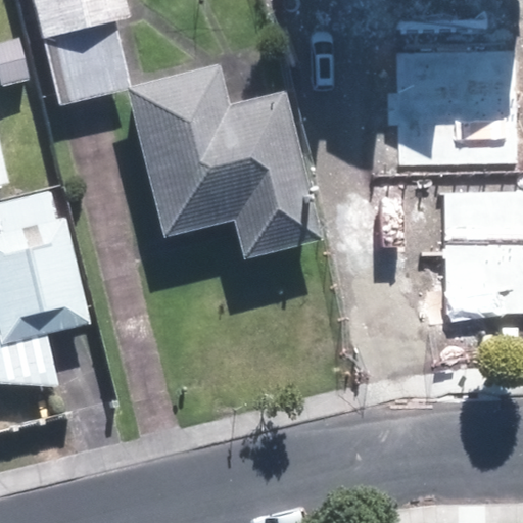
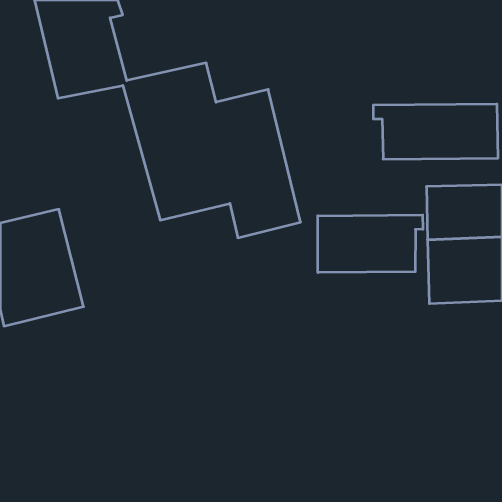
building: [388,52,517,109] -> none
building: none -> [318,215,423,273]

